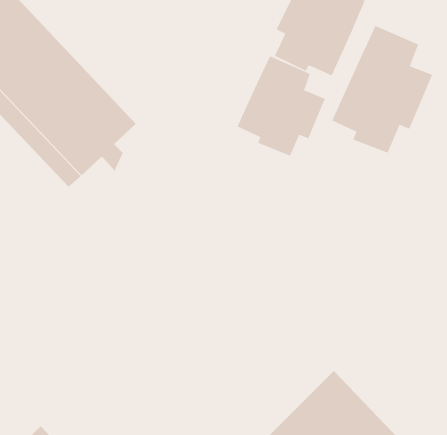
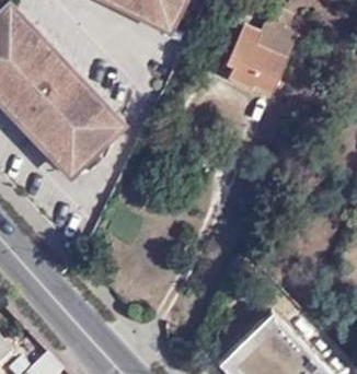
building: [331,25,433,154] -> none
building: [237,56,326,157] -> none

